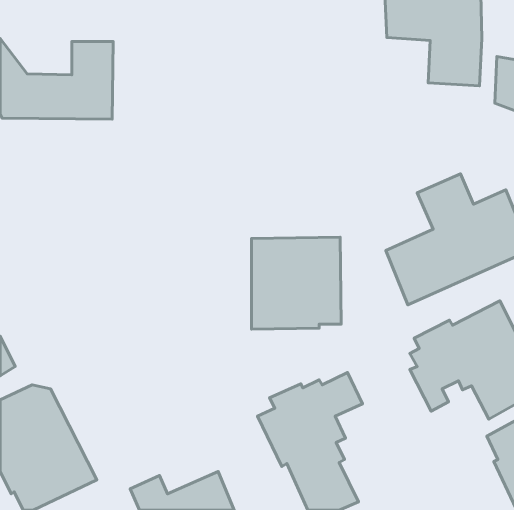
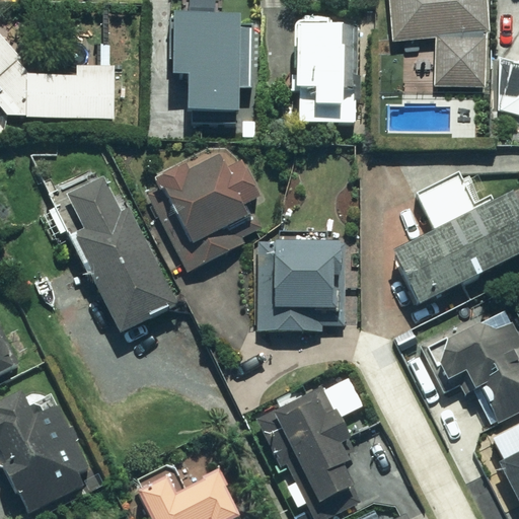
building: none -> [177,13,255,105]
building: none -> [292,29,359,125]
building: none -> [138,133,263,273]
building: none -> [62,172,178,335]

